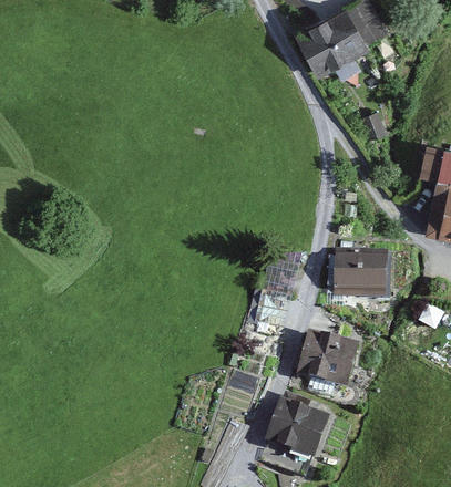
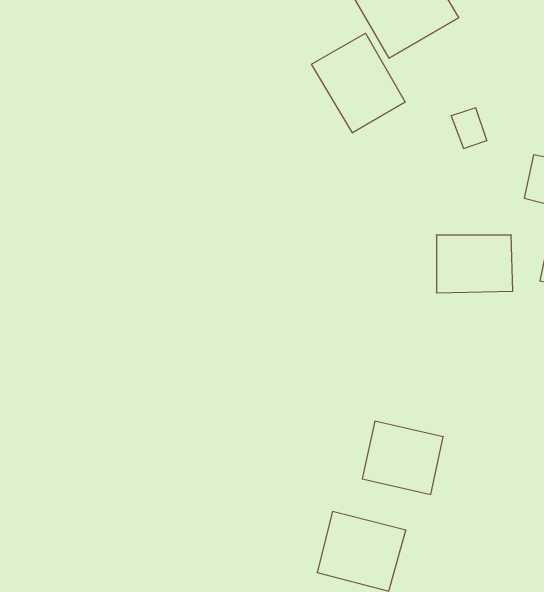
building: none -> [312,33,405,133]
building: [332,257,387,298] -> [436,235,513,293]

